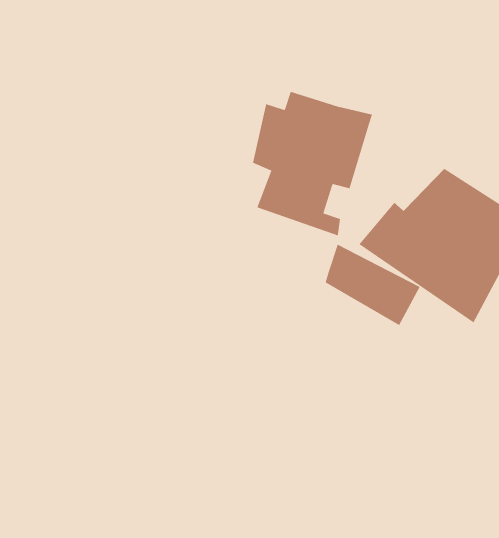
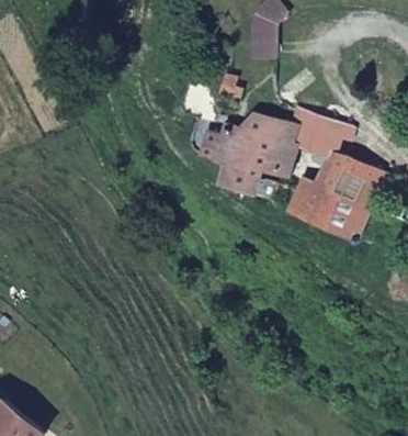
building: [325,244,421,326] -> [280,110,340,156]

